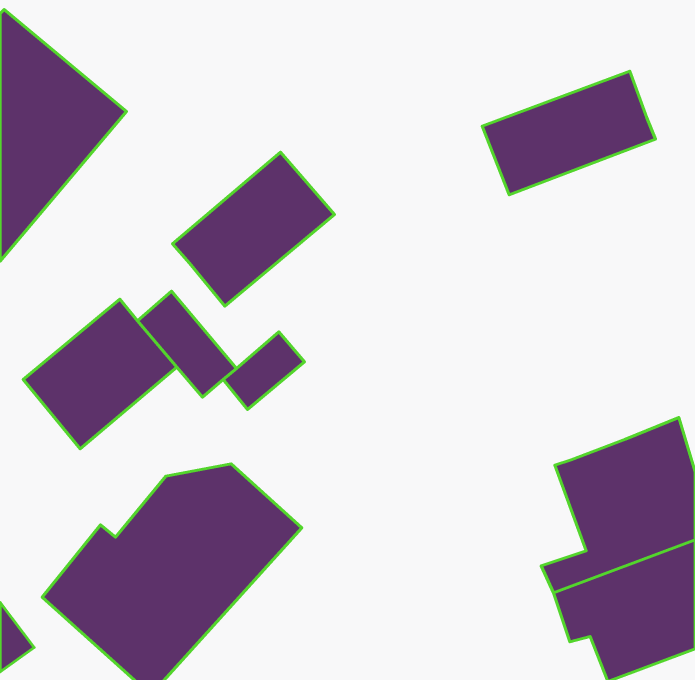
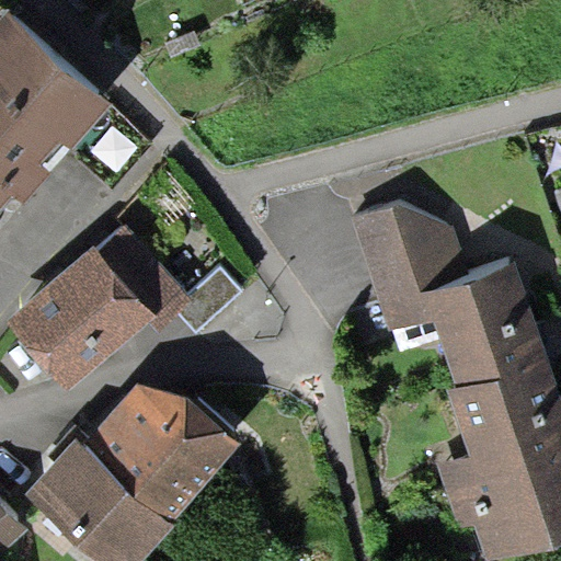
building: [482,71,655,195] -> none
building: [172,152,334,306] -> none
building: none -> [352,204,547,382]

